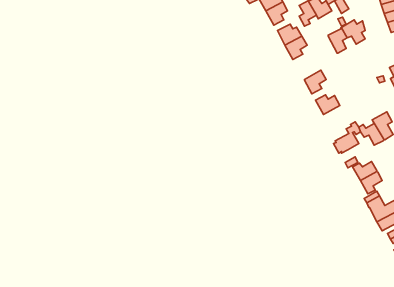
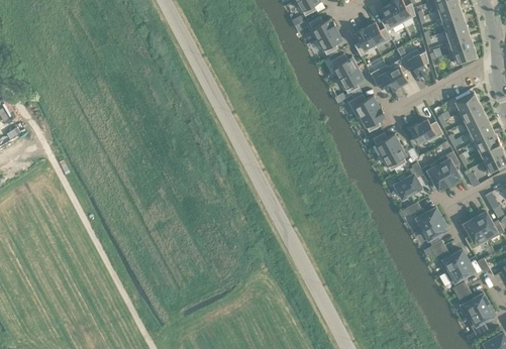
building: none -> [370,65,398,92]
building: none -> [347,94,379,118]
building: none -> [409,119,442,142]
building: none -> [382,144,406,170]

